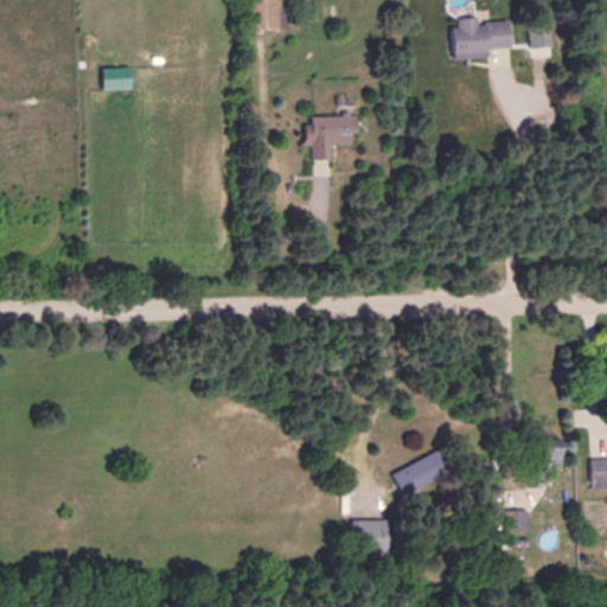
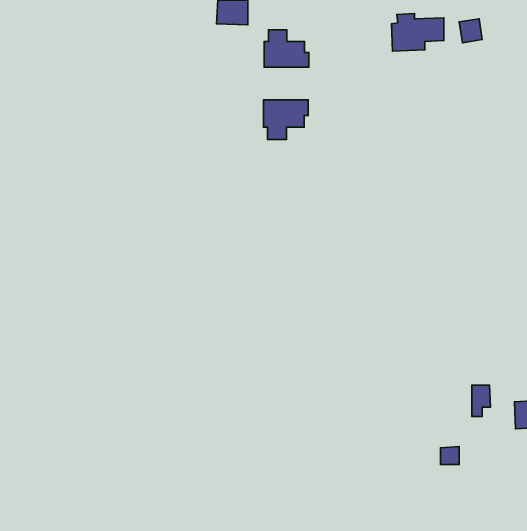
building: none -> [264,30,309,67]
building: [101,66,130,90] -> none
building: [394,452,452,493] -> none
building: [353,519,389,555] -> none

